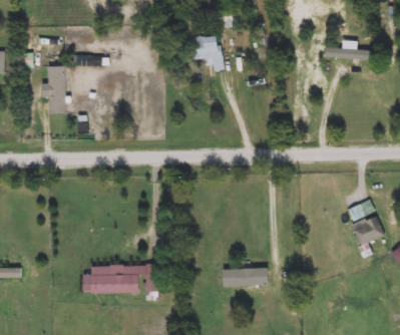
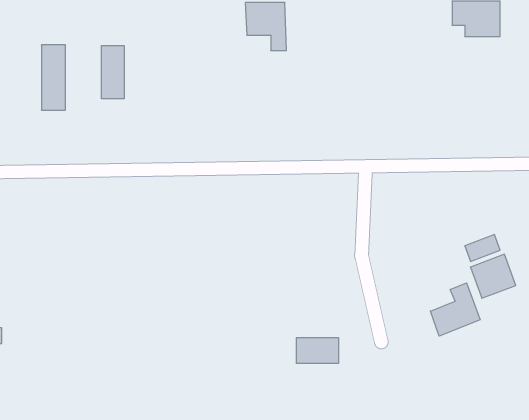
building: none -> [102,46,124,99]
building: none -> [430,283,480,336]
building: [82,265,158,293] -> none

